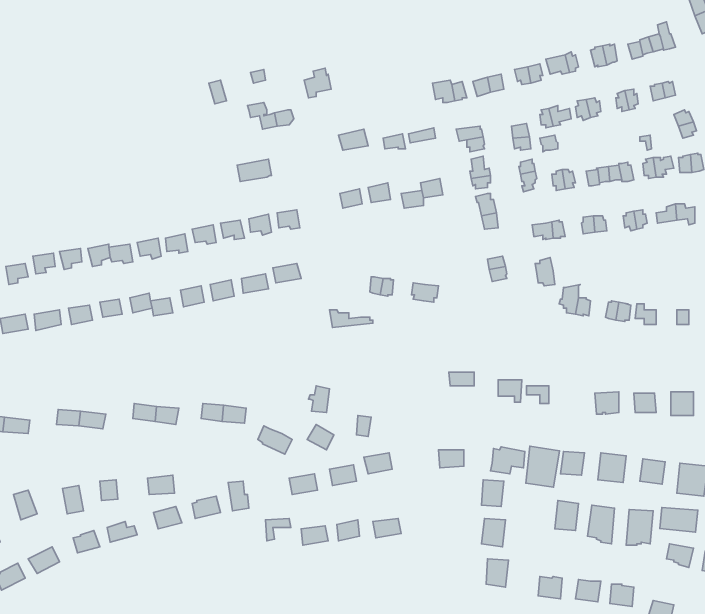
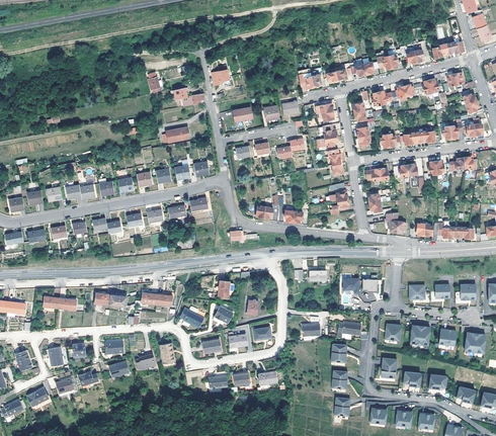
building: [526,446,559,487] -> none
building: [660,507,698,532] -> none

